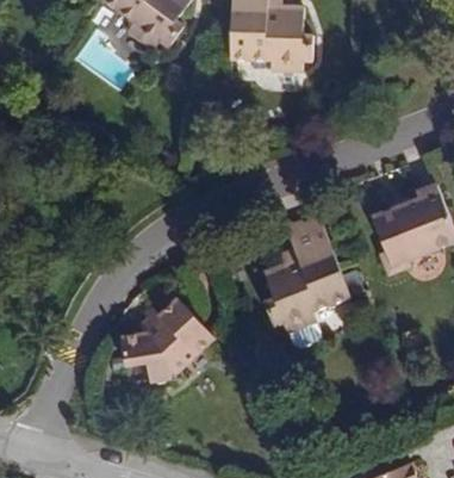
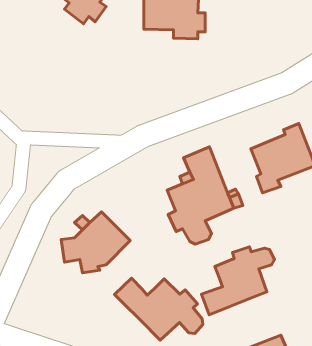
building: none -> [201,247,274,315]
building: none -> [114,278,203,340]

